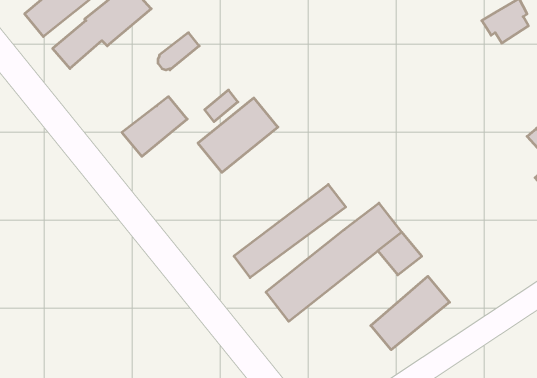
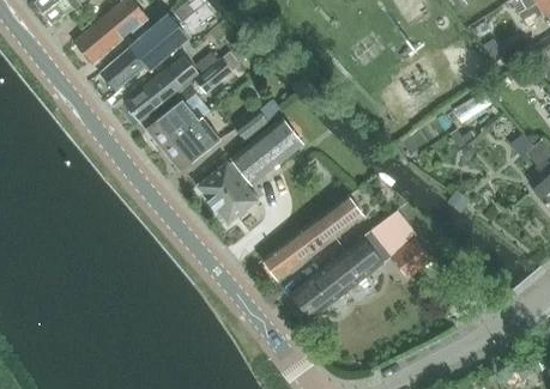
building: none -> [126,68,183,121]
building: none -> [146,103,194,148]
building: none -> [198,160,259,224]
building: [371,276,450,350] -> none

